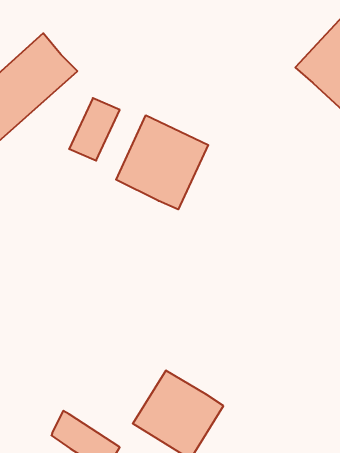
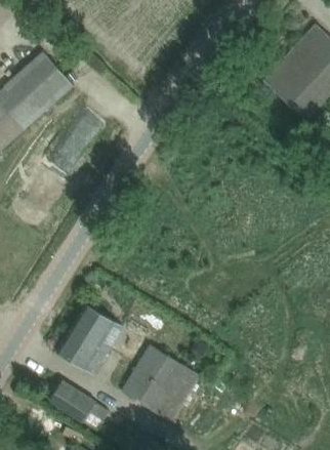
building: [116,115,208,209] -> none
building: none -> [55,303,116,373]

